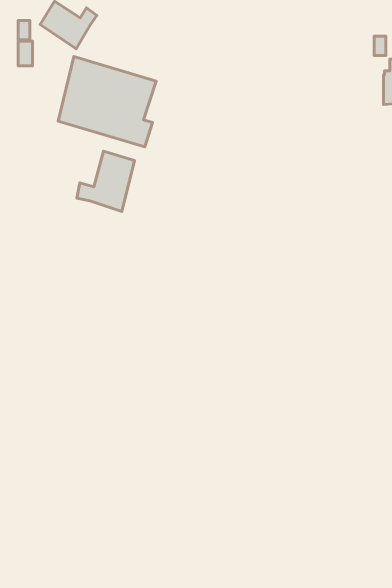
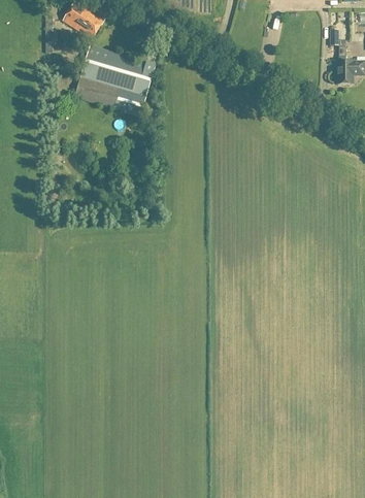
building: [77,151,135,211] -> none

